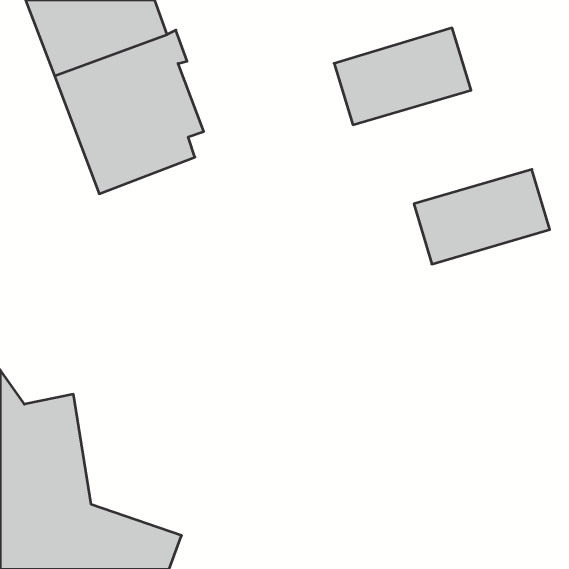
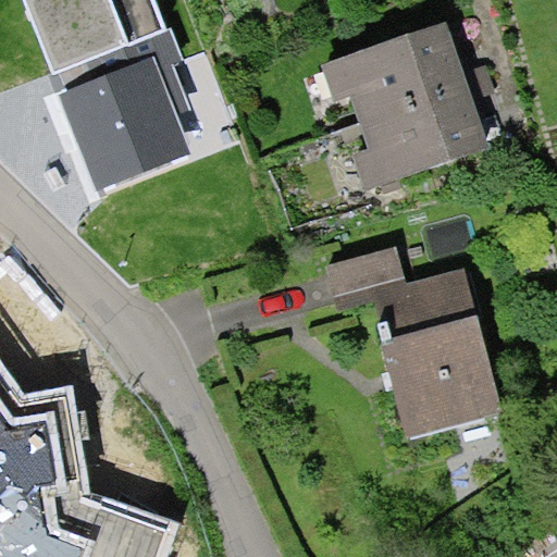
building: [414,169,550,264] -> [345,88,478,181]
building: none -> [320,252,510,447]

